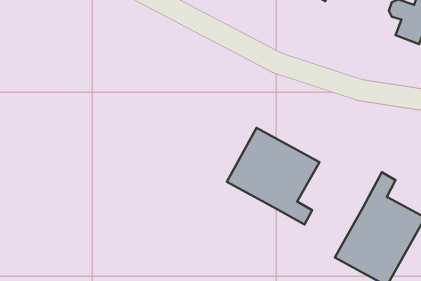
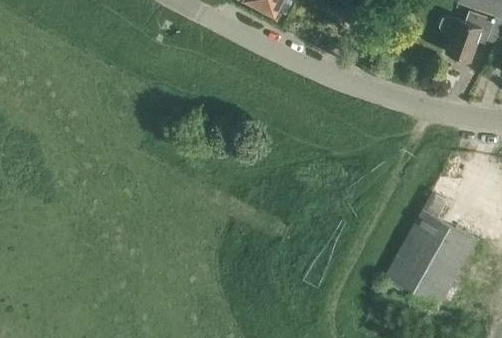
building: [227,128,319,225] -> none

